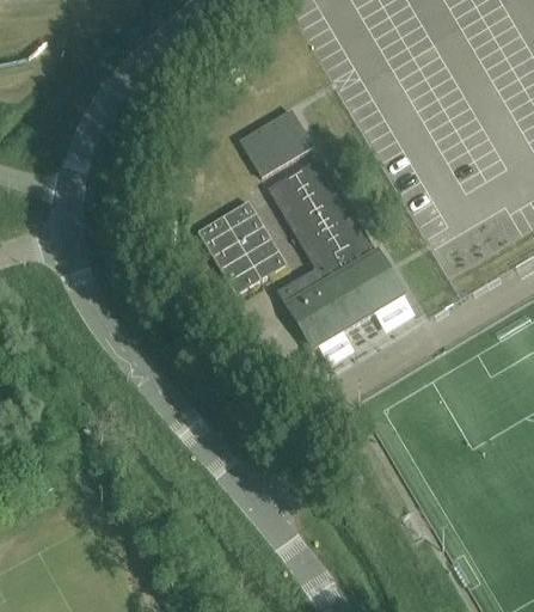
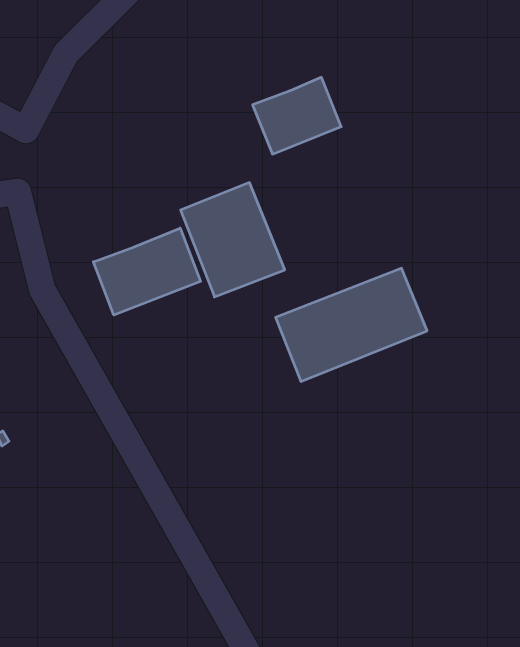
building: [269,158,374,302] -> none
building: none -> [93,228,201,315]

